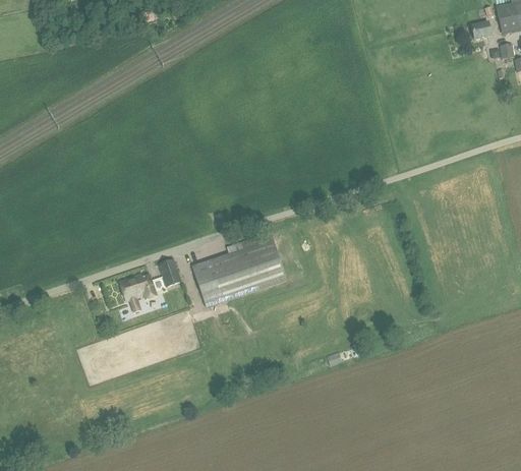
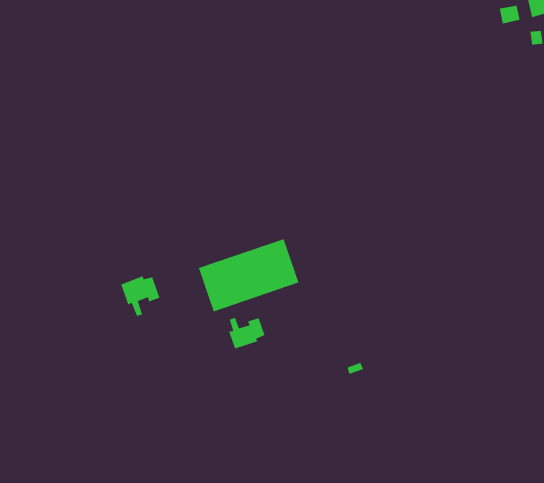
building: [159,257,181,284] -> none
building: none -> [228,317,265,349]

